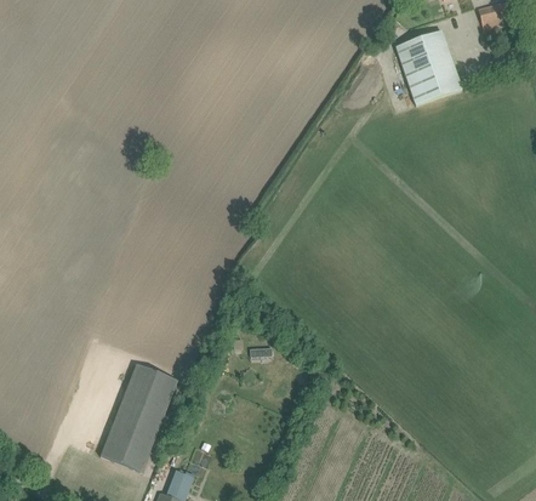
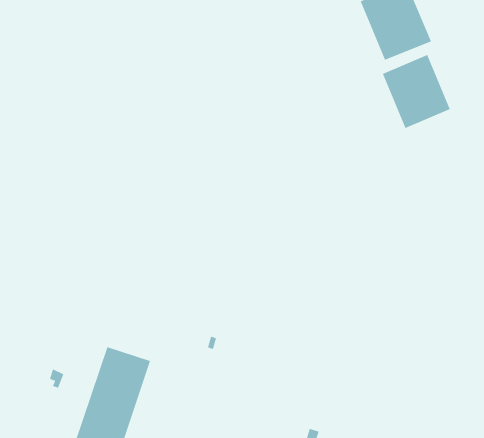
building: none -> [382,54,450,129]

